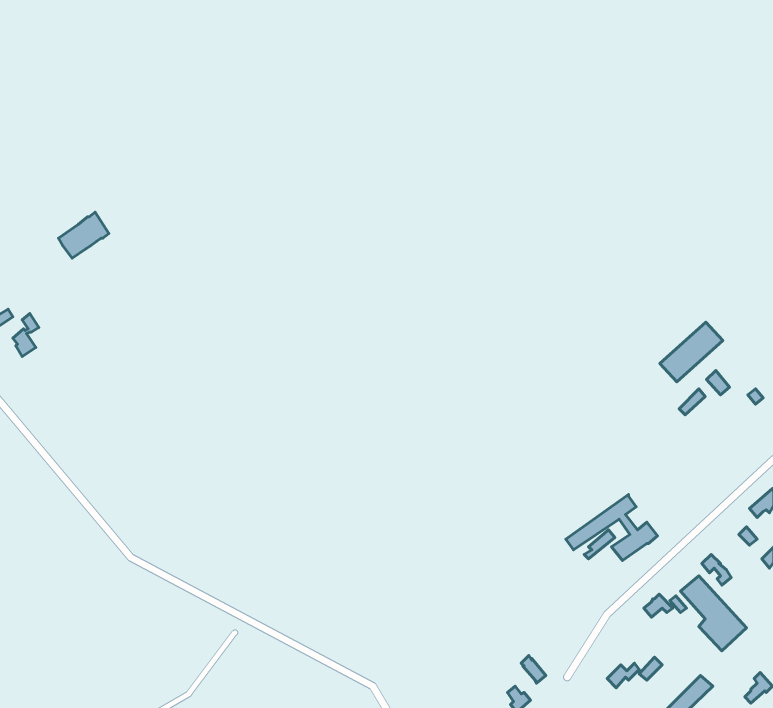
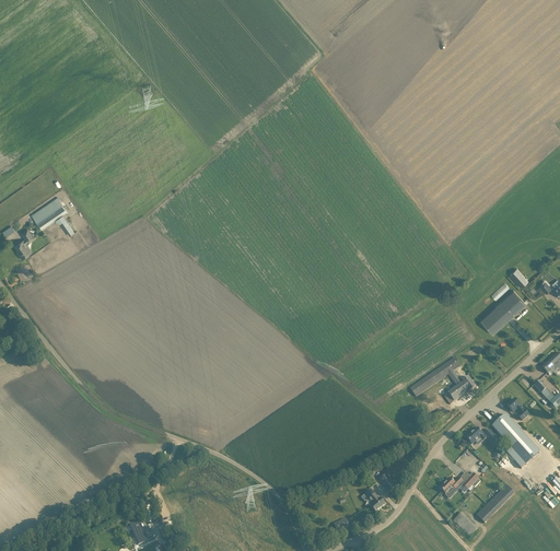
building: [58,212,109,258] -> [31,197,67,230]
building: [660,322,723,382] -> [480,291,525,333]

